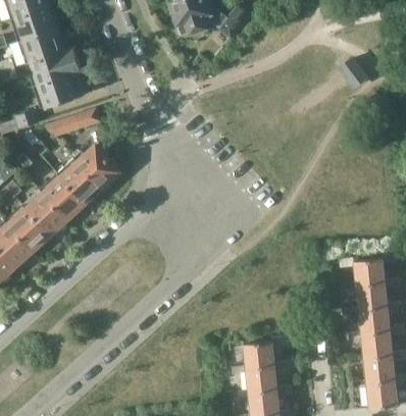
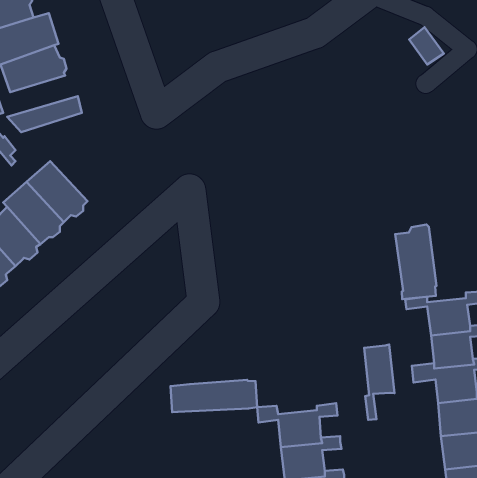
building: [74,144,119,188] -> none
building: none -> [395,225,437,299]
building: none -> [364,344,395,420]
building: none -> [170,380,257,412]

